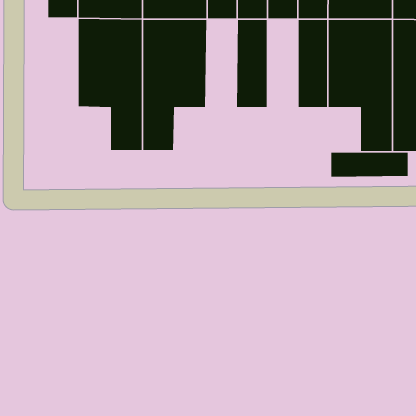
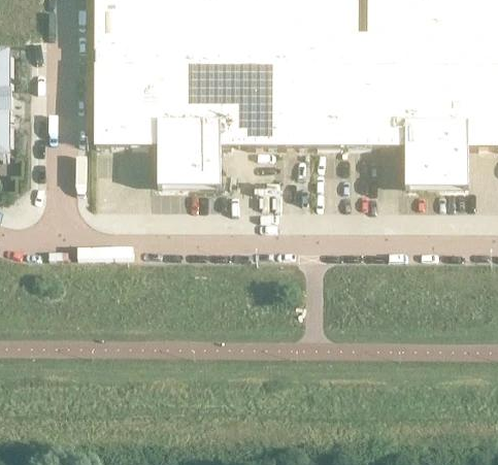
building: none -> [96,55,126,142]
building: none -> [253,56,284,143]
building: none -> [313,56,343,143]
building: [330,152,408,177] -> none

